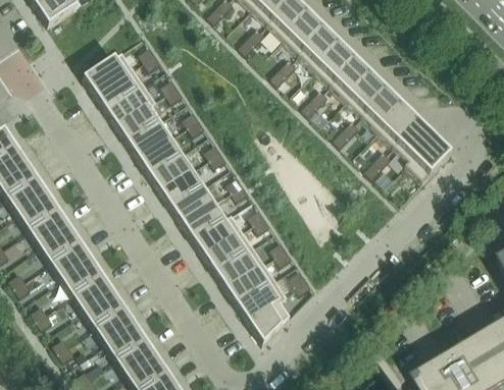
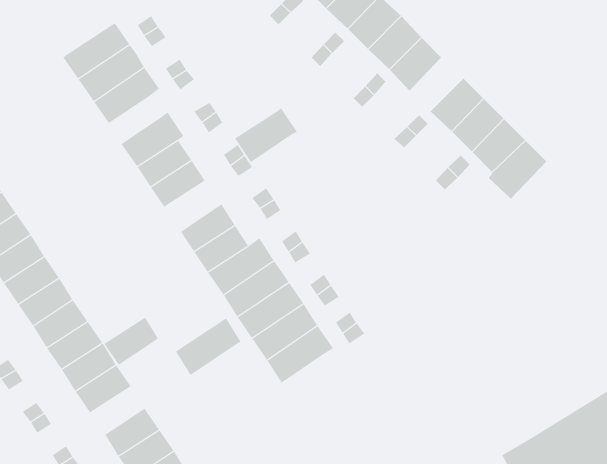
building: [346,73,387,114] -> none
building: [118,103,159,138] -> none
building: [160,163,208,205] -> [234,107,298,163]
building: none -> [175,317,241,376]
building: [249,297,291,340] -> none
building: [104,321,146,357] -> [104,317,159,365]

